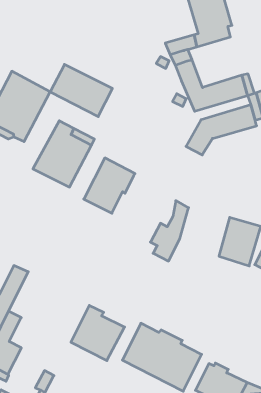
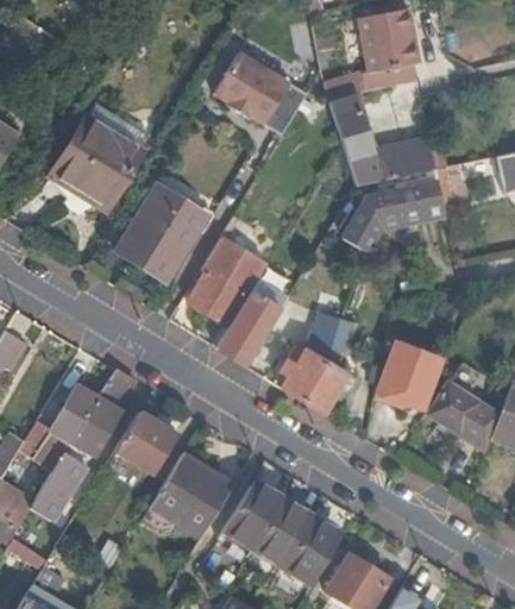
building: [50,64,112,117] -> [214,57,304,137]
building: none -> [216,271,287,365]
building: none -> [302,321,351,412]
building: none -> [74,368,137,451]
building: none -> [114,410,180,476]

